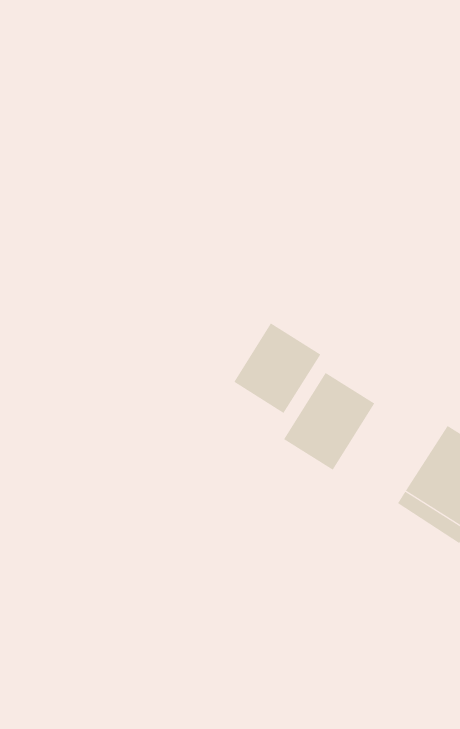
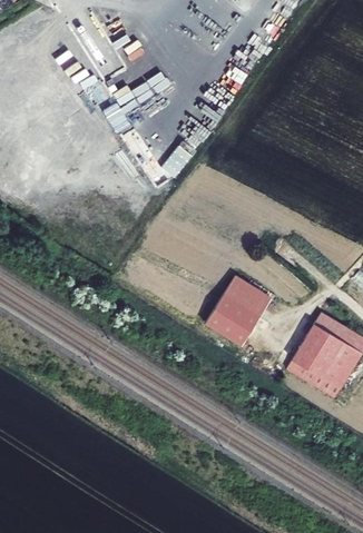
building: [233,323,321,414] -> none

